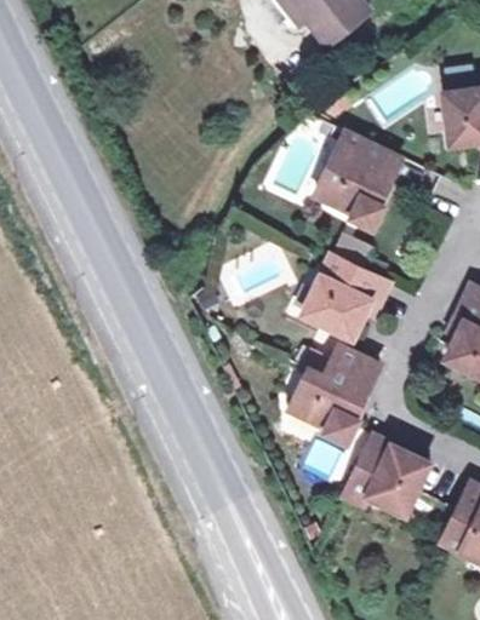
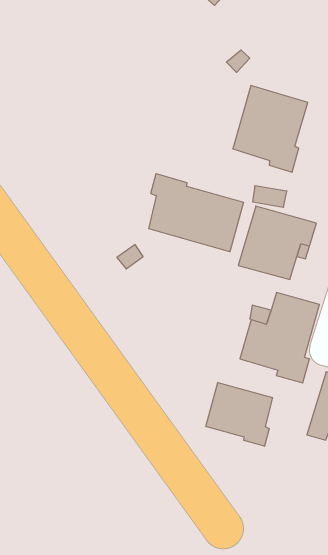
building: none -> [149,174,243,252]
building: none -> [206,382,272,446]

